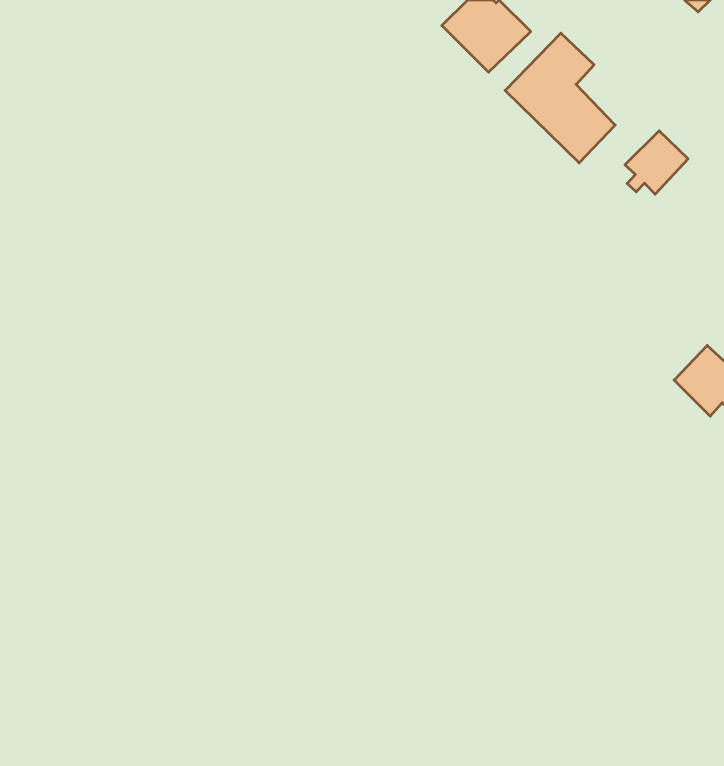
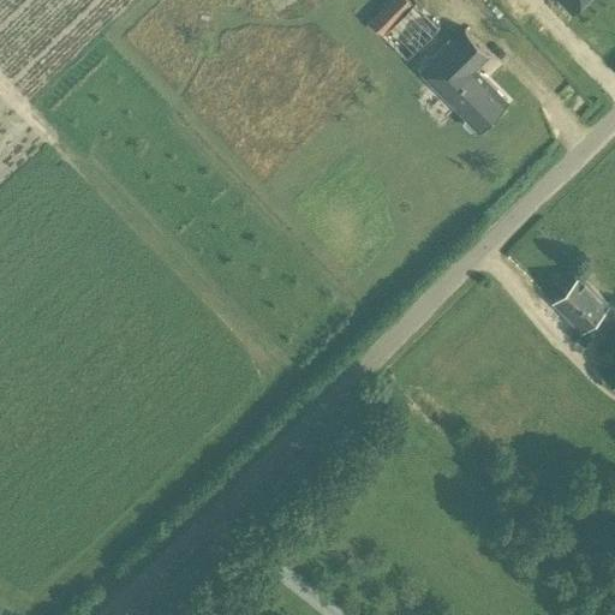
building: [625,131,688,194] -> none

